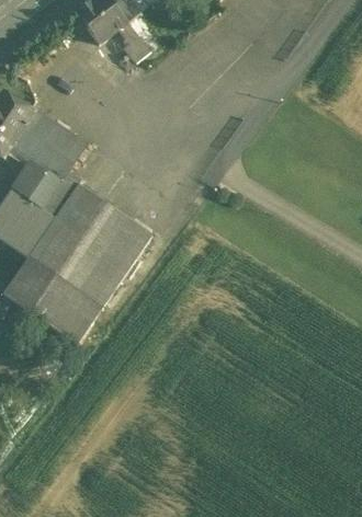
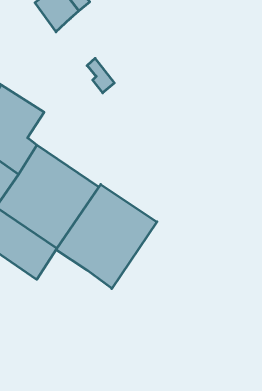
building: [117,21,150,62] -> [87,58,114,93]
building: none -> [56,184,157,289]

